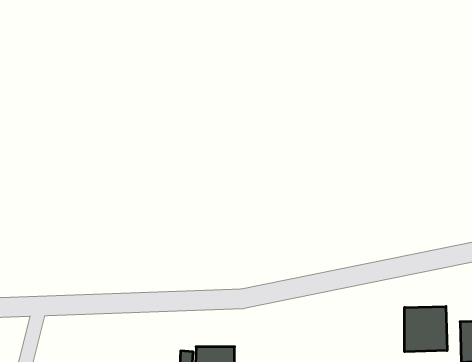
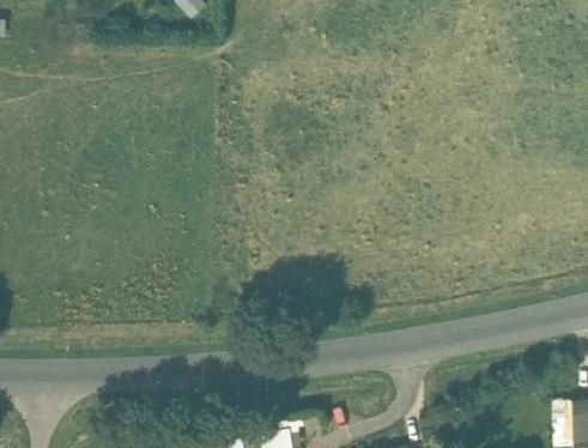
building: [405,306,447,352] -> none

